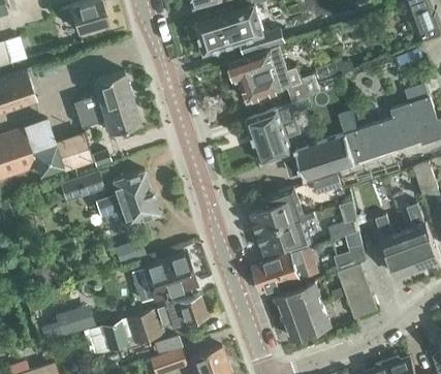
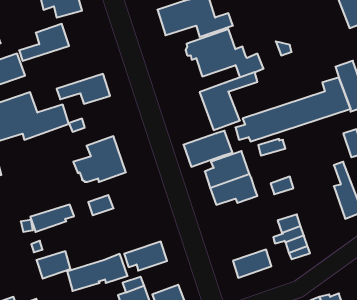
building: [72,72,131,116] -> [19,24,69,61]
building: [60,169,112,201] -> [30,205,74,232]
building: [373,213,416,276] -> none
building: [333,238,366,271] -> none
building: [252,250,310,292] -> [183,131,232,167]
building: [141,255,195,301] -> none
building: [277,282,323,318] -> none

